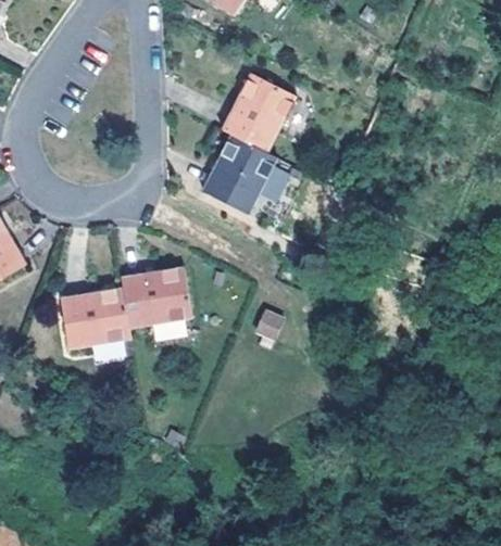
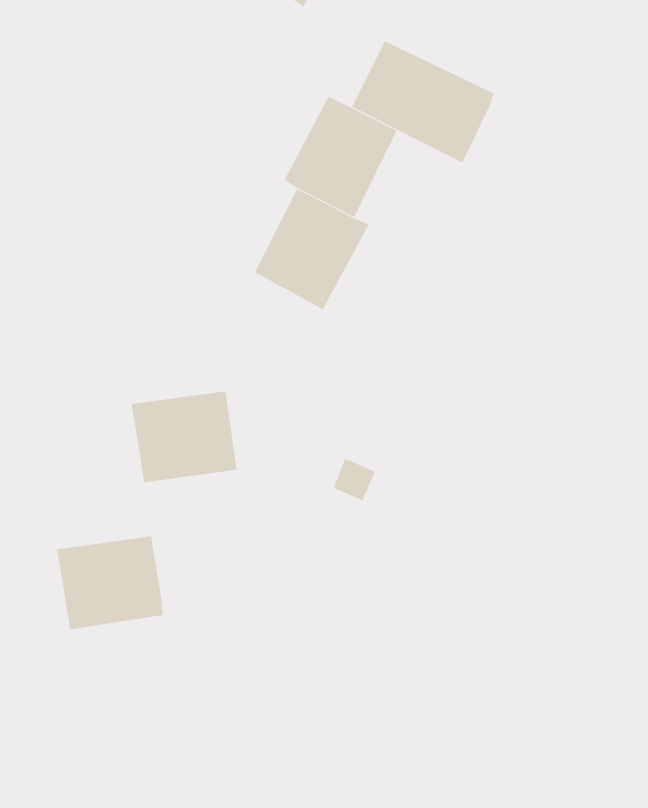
building: none -> [351,41,495,164]
building: [60,288,130,350] -> [56,536,163,630]

